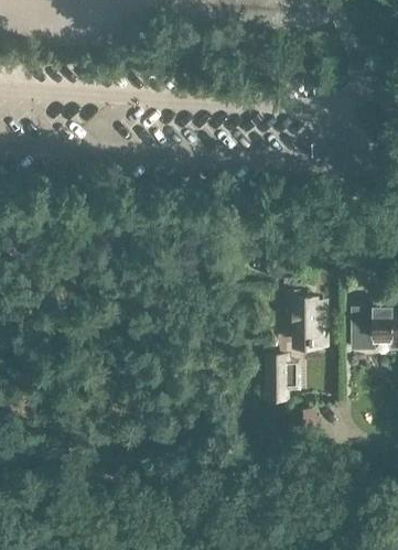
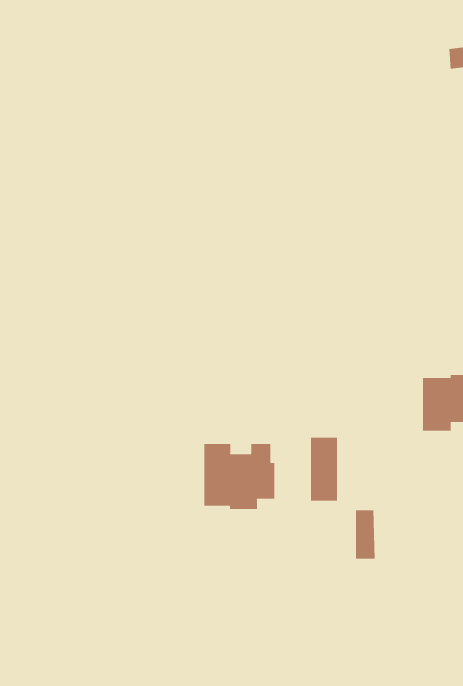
building: [286,294,325,347] -> none
building: none -> [204,443,275,510]

